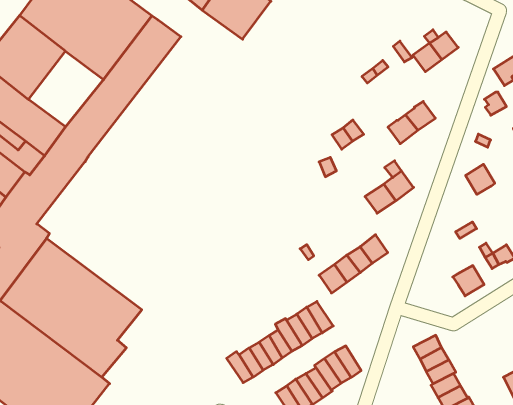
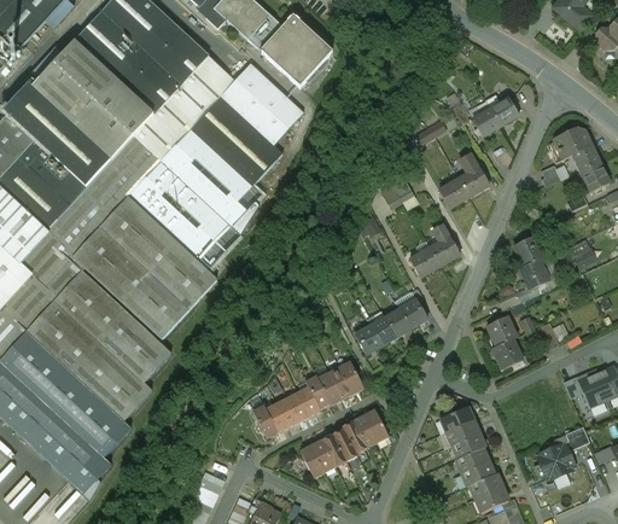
building: none -> [130,63,303,264]
building: none -> [75,81,153,158]
building: none -> [71,196,215,336]
building: none -> [519,260,549,290]
building: none -> [486,316,517,347]

